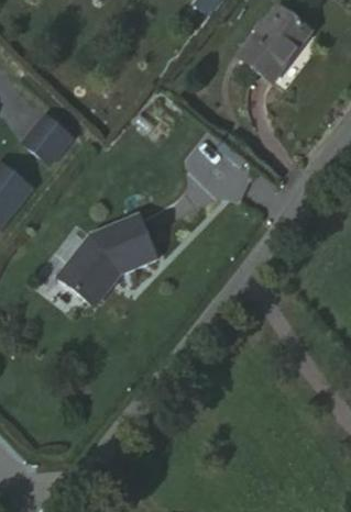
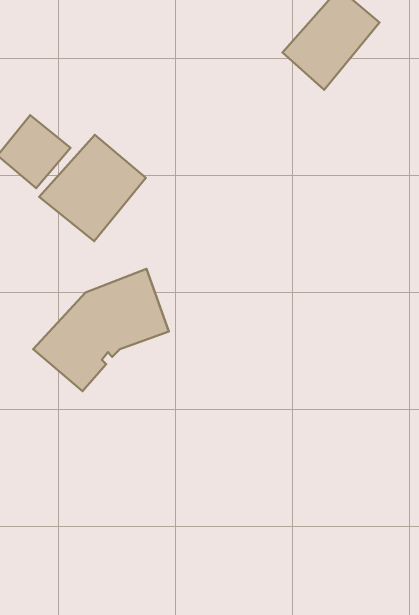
building: none -> [39,135,146,241]

